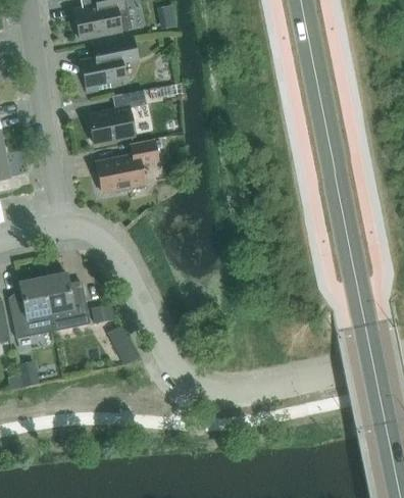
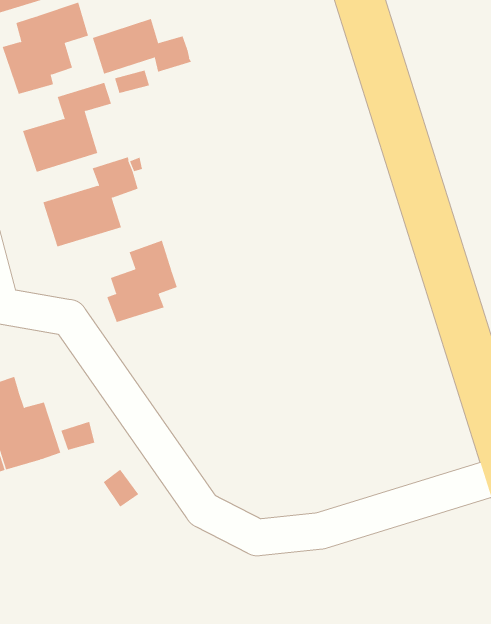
building: none -> [92,18,192,75]
building: none -> [107,240,177,323]

